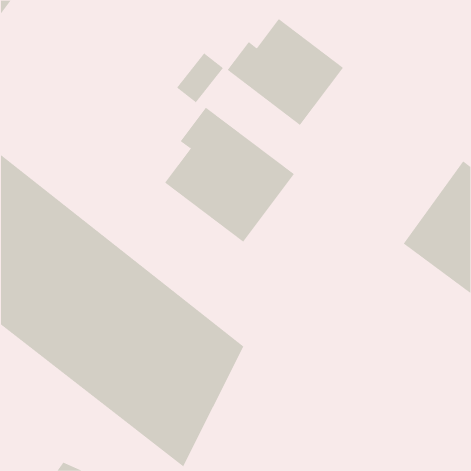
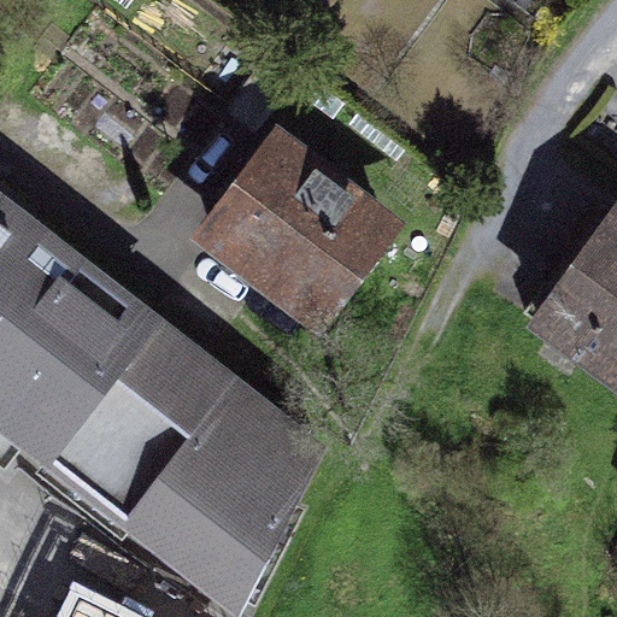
building: [227,18,344,126] -> none

